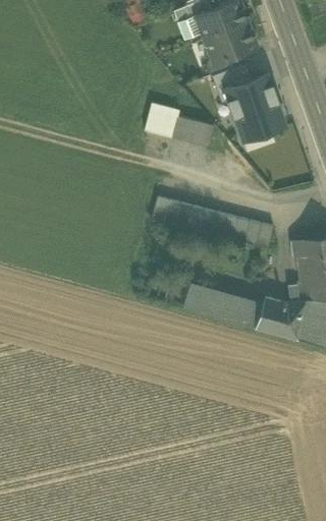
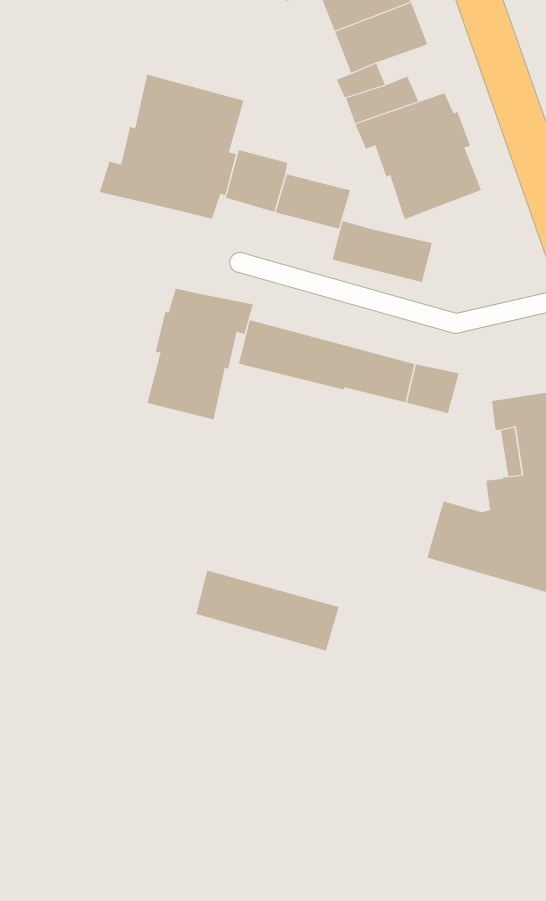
building: none -> [99,74,244,219]
building: none -> [332,220,433,283]
building: none -> [147,288,254,420]
building: [182,282,262,327] -> [195,570,340,651]

